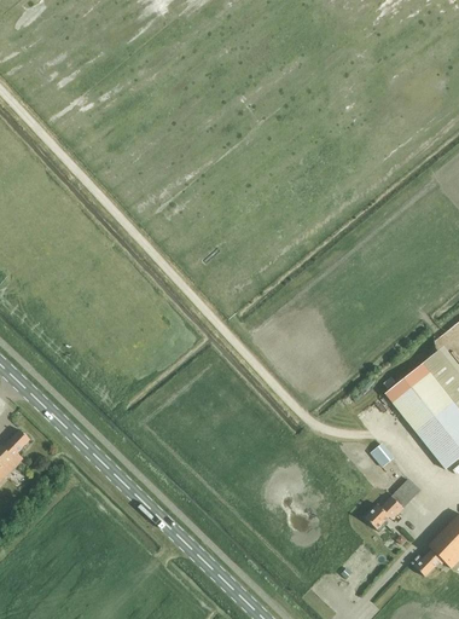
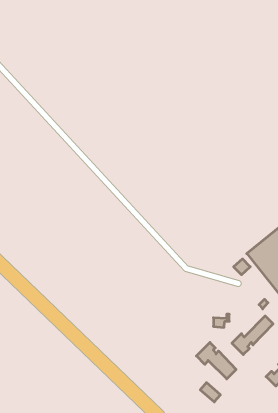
building: none -> [196,342,236,379]

